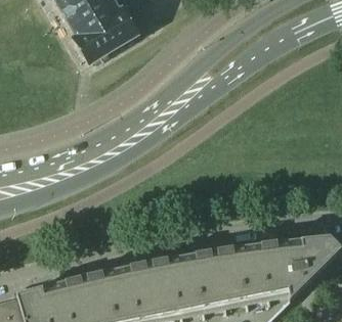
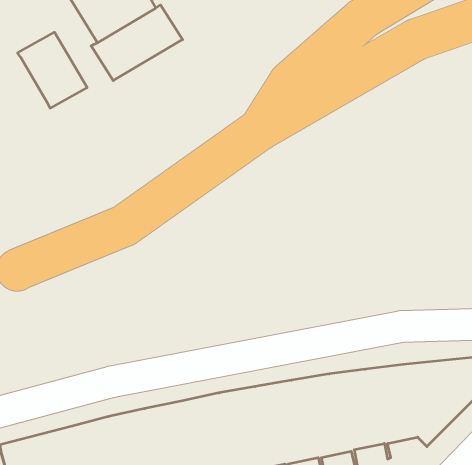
building: none -> [18,32,87,108]

